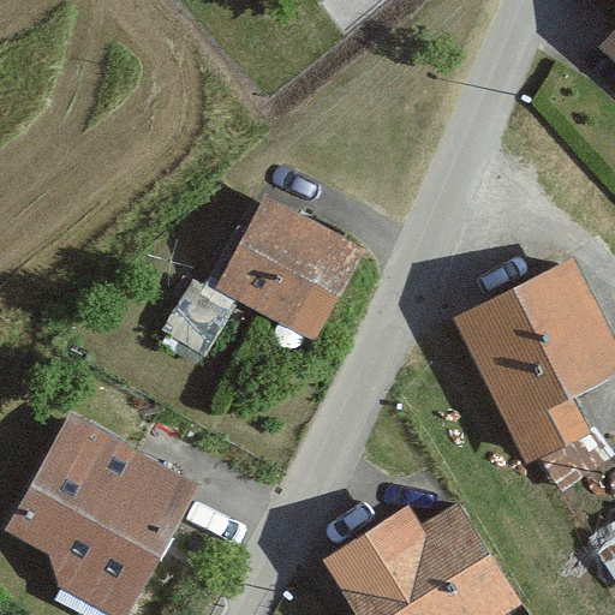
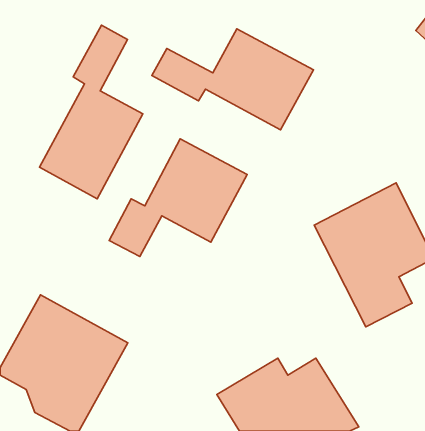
building: none -> [39,25,143,199]
building: none -> [152,29,313,130]

